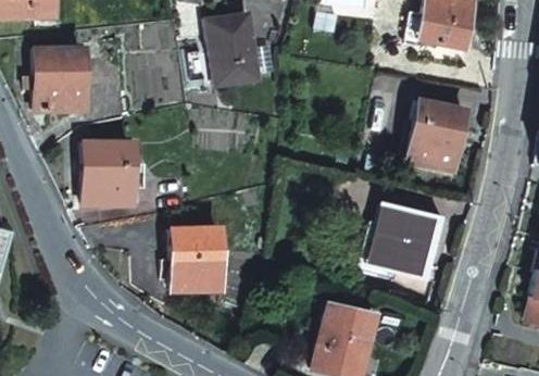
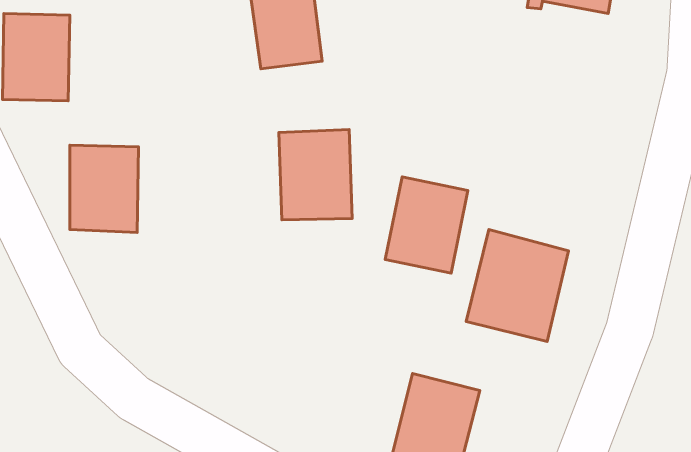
building: [406,100,465,168] -> [385,177,468,273]
building: [173,226,225,290] -> [279,130,352,220]

